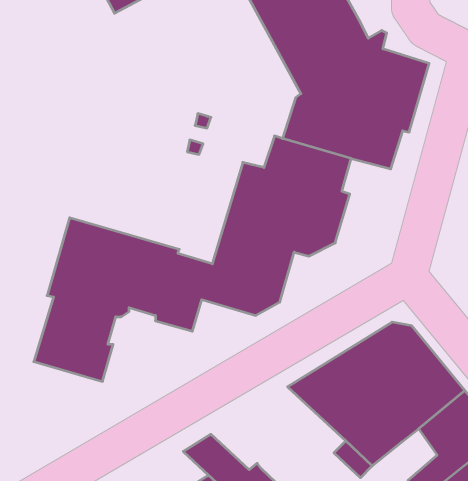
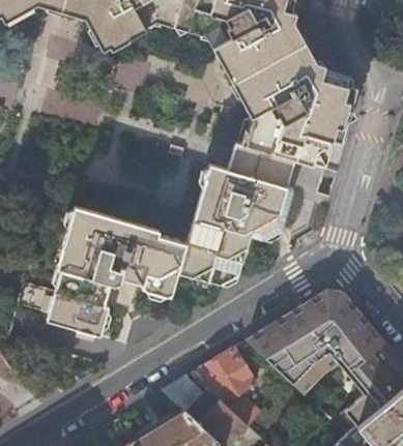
building: none -> [193,349,256,406]

